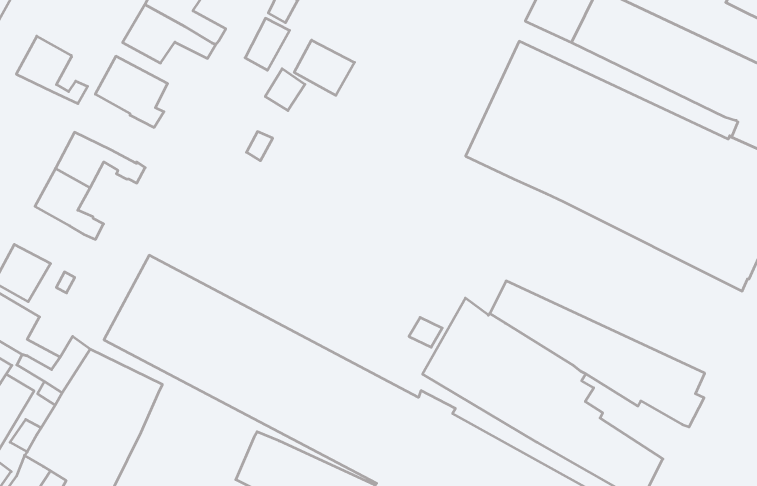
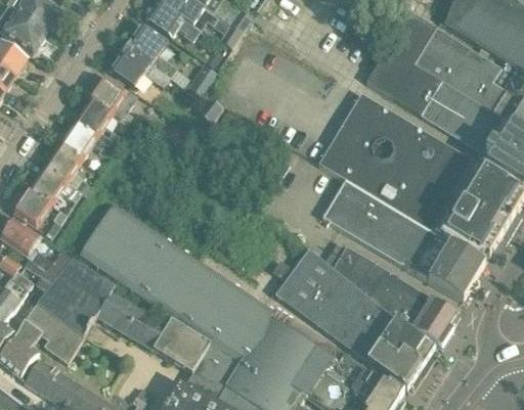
building: [16,36,88,104] -> [75,100,119,145]
building: [294,40,355,95] -> none
building: none -> [317,163,484,302]
building: none -> [30,167,81,203]
building: none -> [377,307,434,365]
building: none -> [97,291,168,349]

